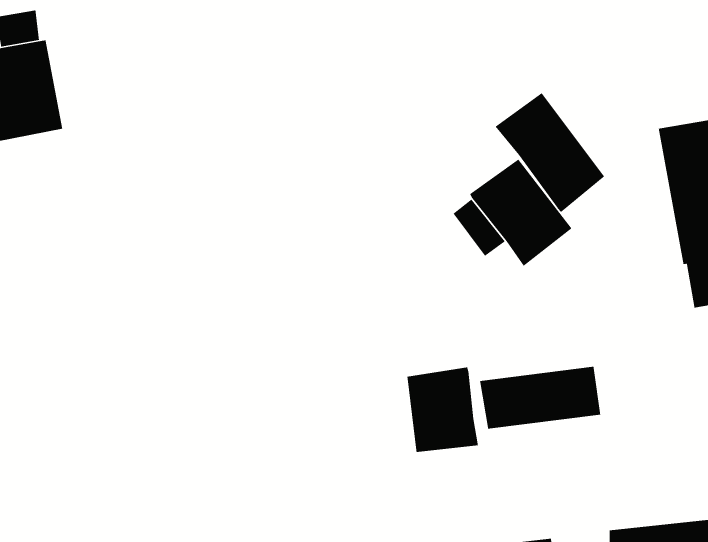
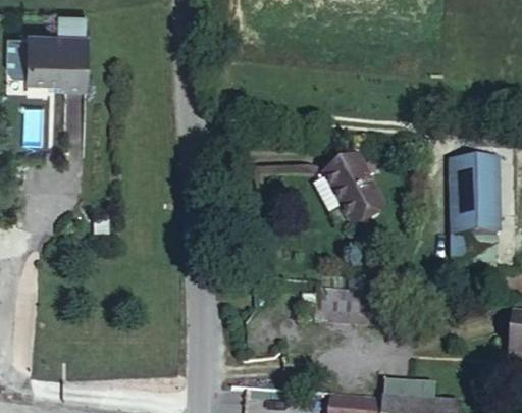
building: [495,92,605,213] -> none
building: [407,367,479,453] -> none

